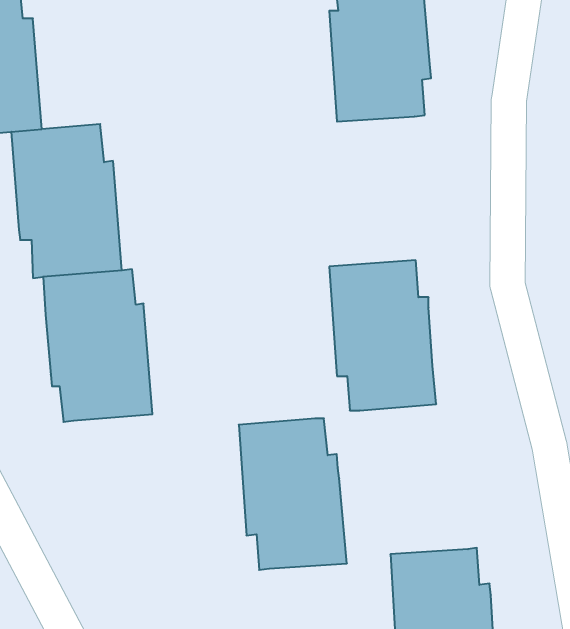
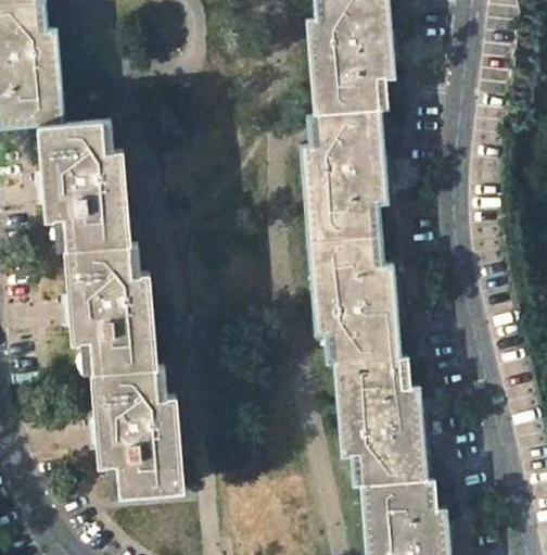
building: none -> [302,111,387,239]
building: none -> [90,364,181,494]
building: [239,418,347,570] -> [334,356,427,485]

